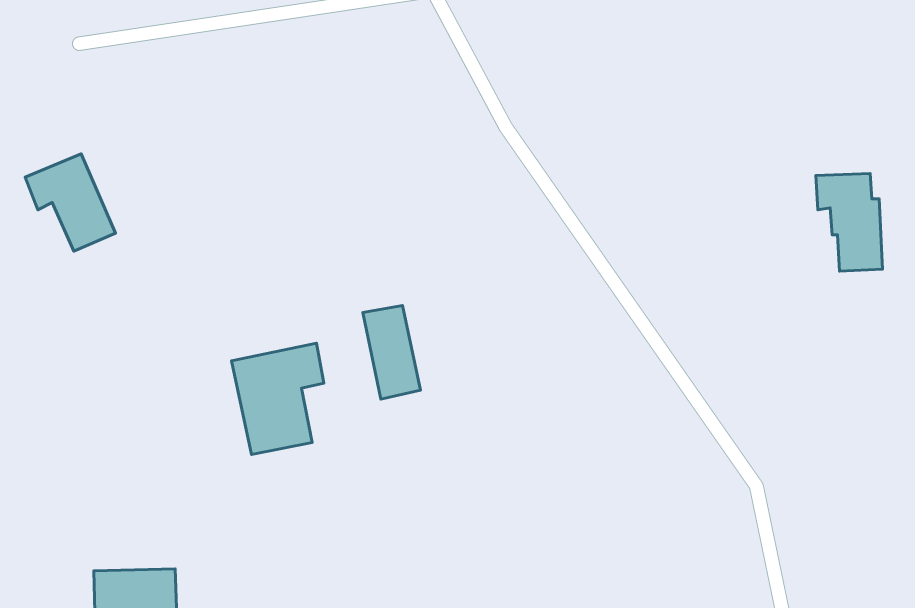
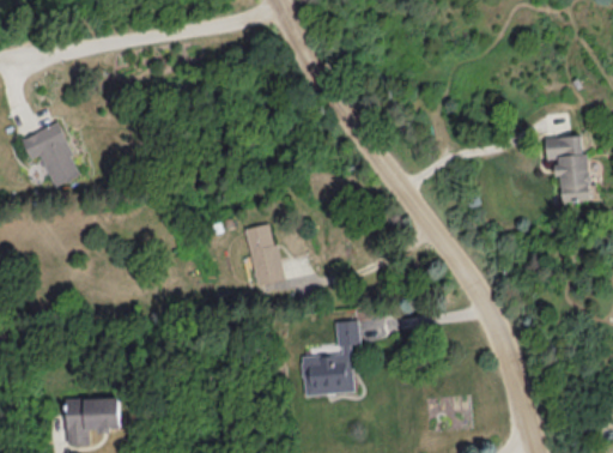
building: [232,343,324,455] -> none
building: none -> [302,321,360,395]

